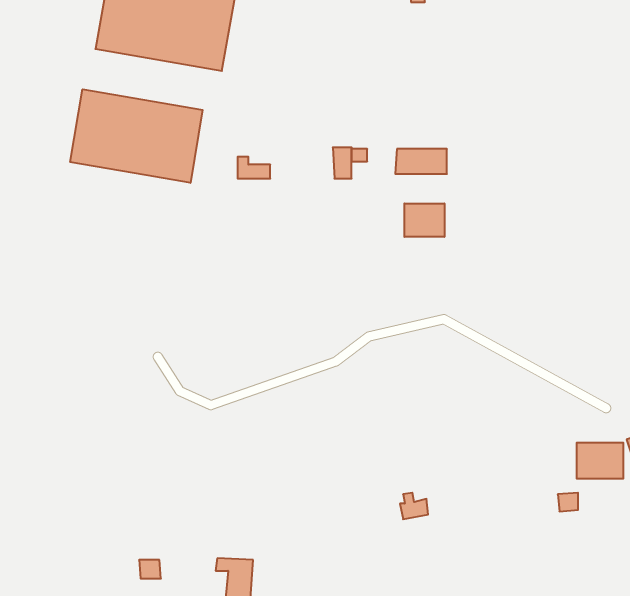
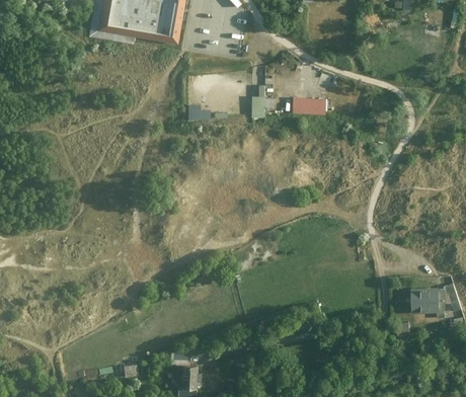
building: [70,89,203,183] -> none
building: [404,203,444,237] -> none

